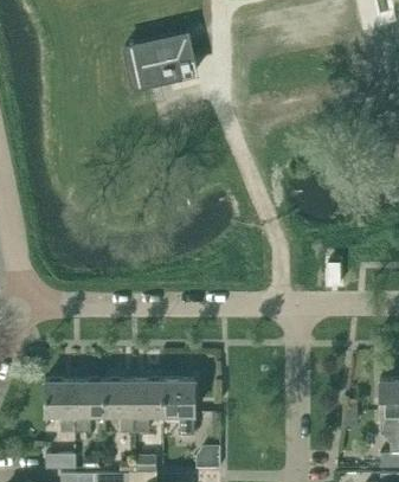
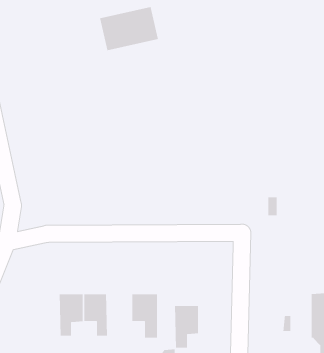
building: [46,380,77,432] -> none
building: [134,380,163,432] -> [174,305,199,348]

